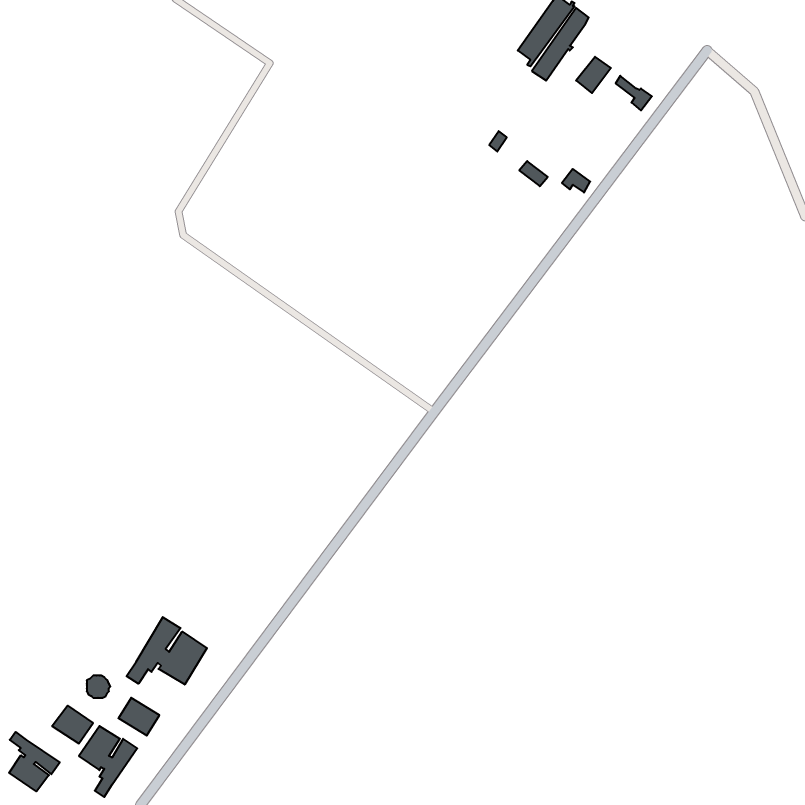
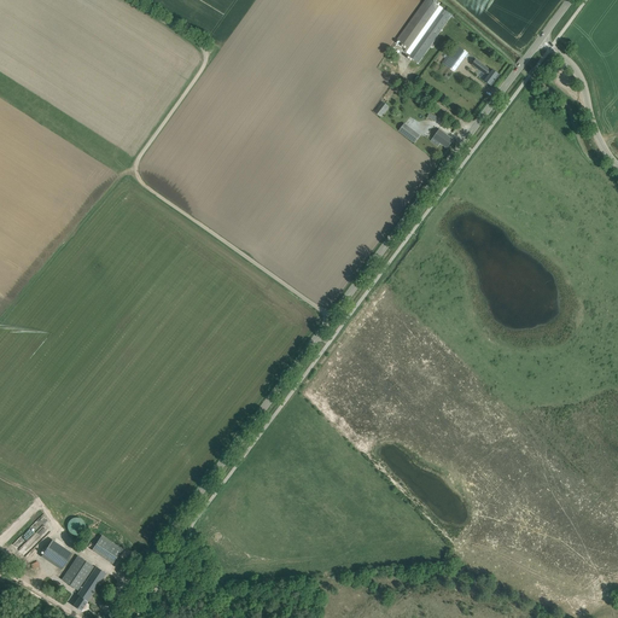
building: [127,617,207,685] -> none
building: [9,732,60,791] -> none

